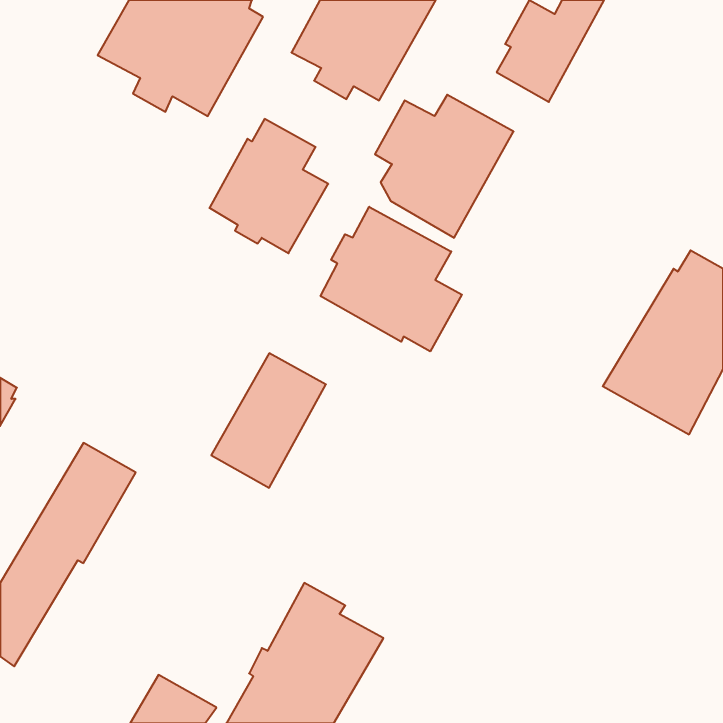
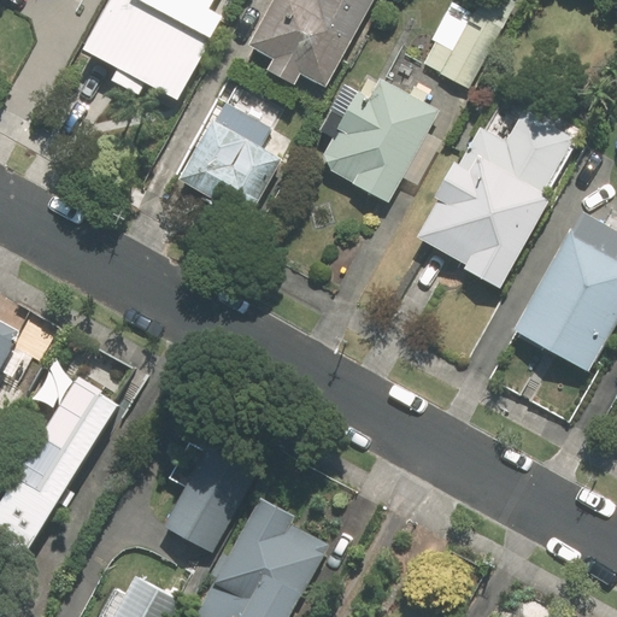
building: none -> [417,110,576,287]
building: [321,207,462,351] -> none
building: [211,353,326,488] -> [163,437,260,552]

